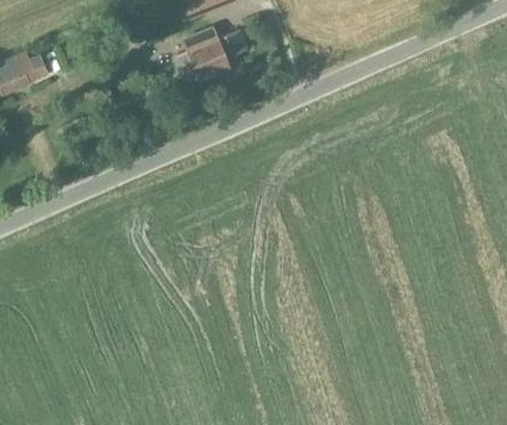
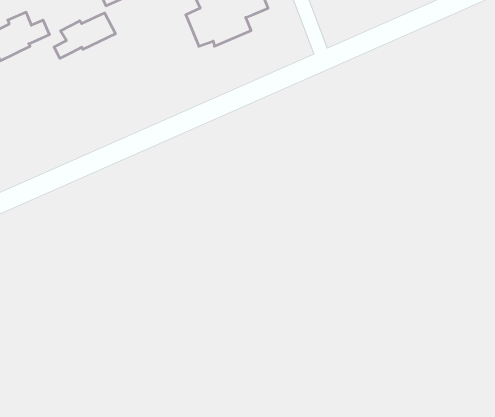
building: none -> [54,13,115,58]

